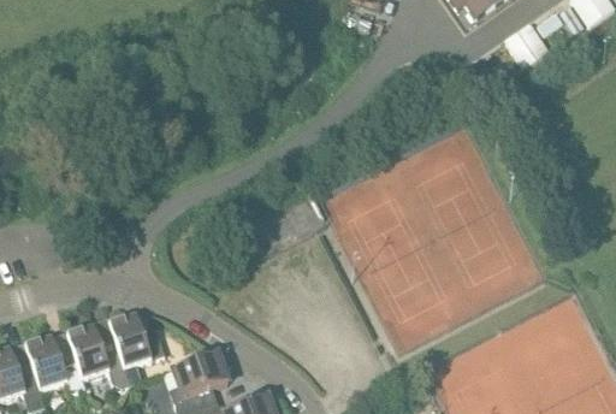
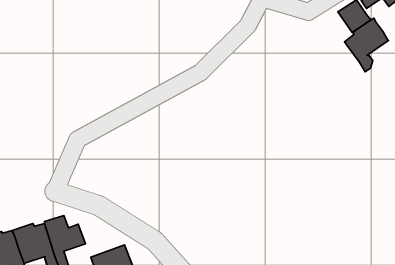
building: none -> [344,18,389,72]

